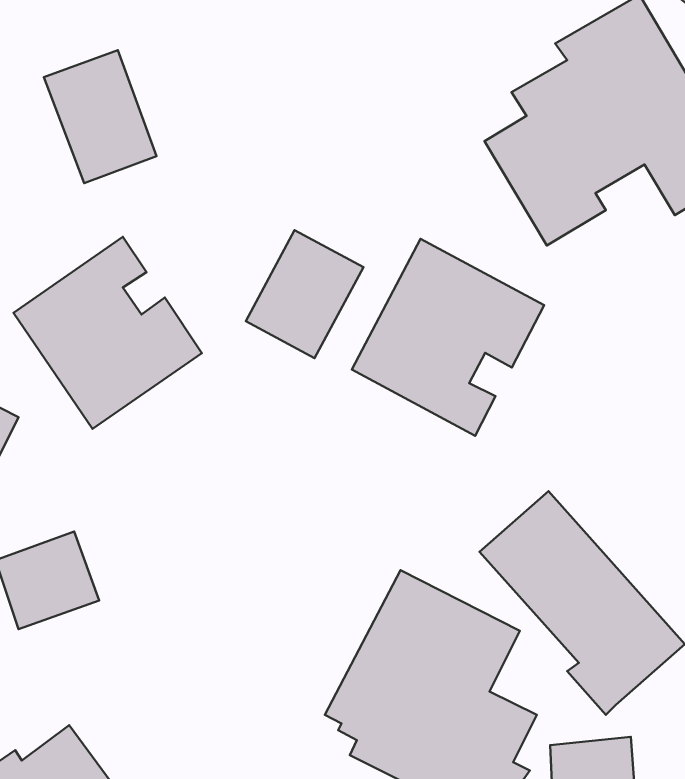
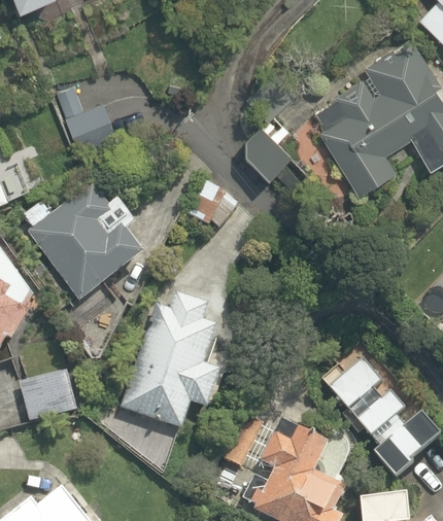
building: none -> [237,124,292,179]
building: [352,239,544,436] -> none
building: none -> [117,294,233,428]

